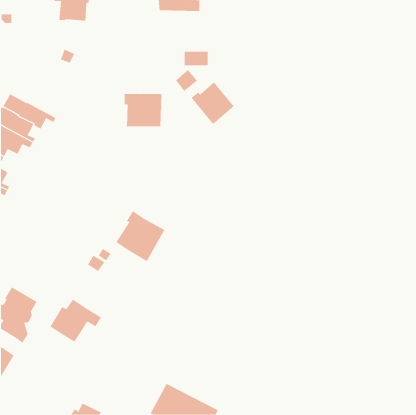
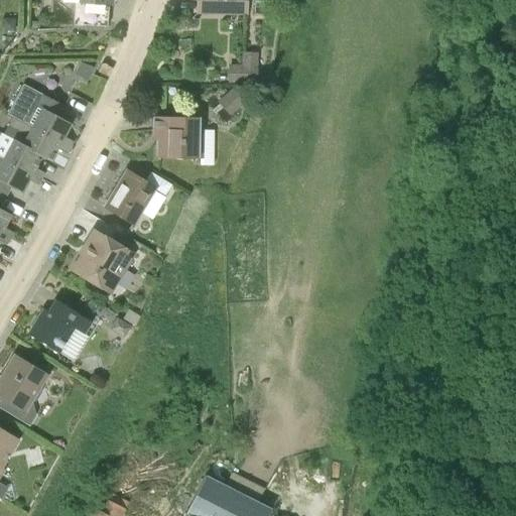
building: none -> [8,84,73,146]
building: [191,81,234,125] -> none
building: none -> [104,169,156,224]
building: [115,210,165,262] -> [73,230,134,293]
building: [50,299,102,343] -> [27,298,92,353]

